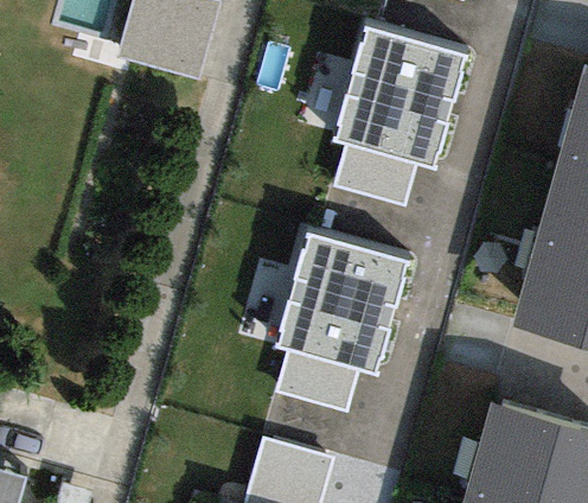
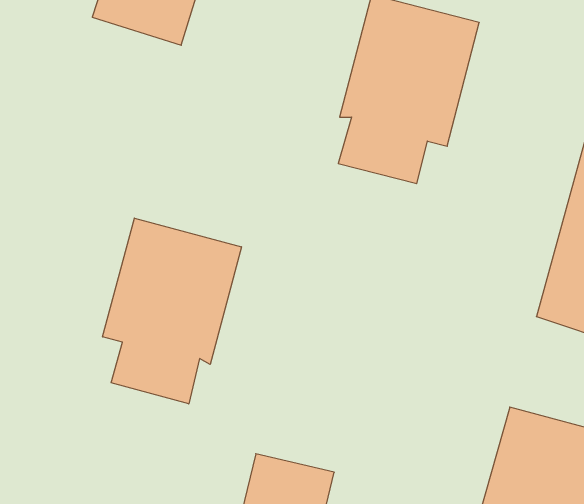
building: none -> [103,218,241,404]
building: [280,241,405,410] -> none

